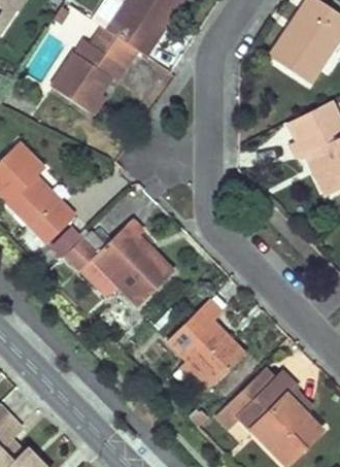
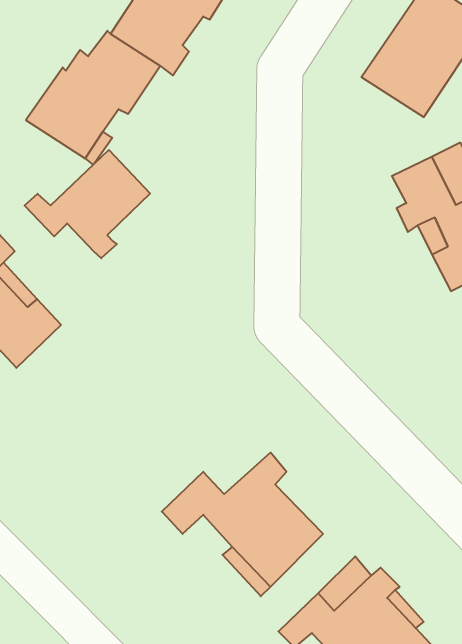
building: none -> [25,150,150,258]
building: [64,219,173,306] -> none

